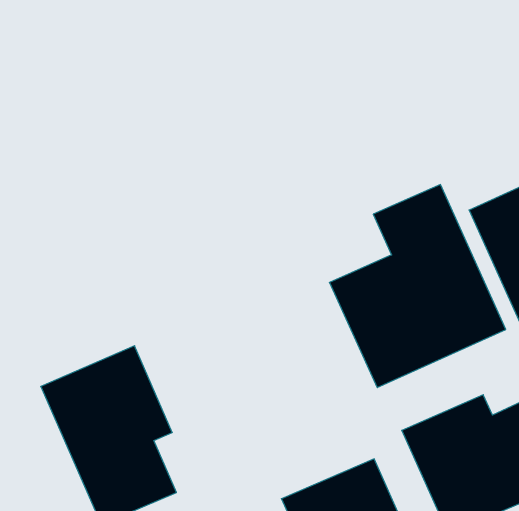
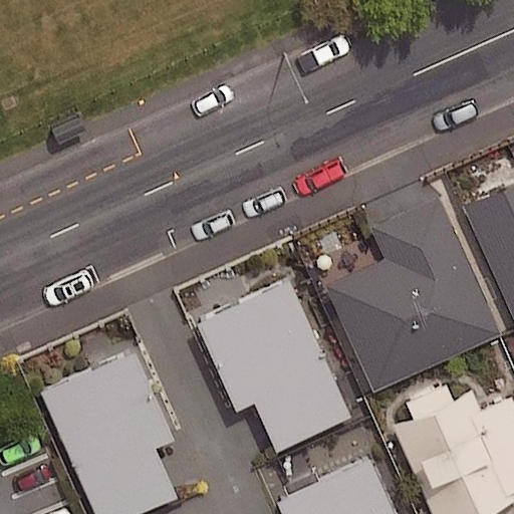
building: none -> [198,280,349,448]

